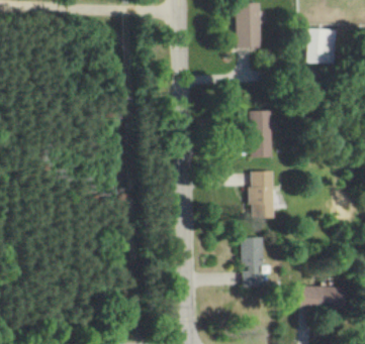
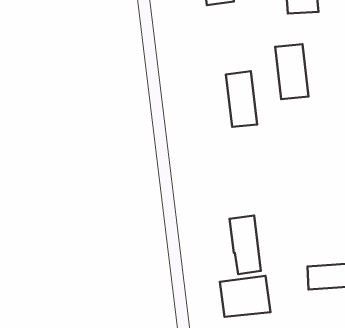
building: [249,171,274,218] -> [275,44,309,99]
building: none -> [220,276,270,317]

